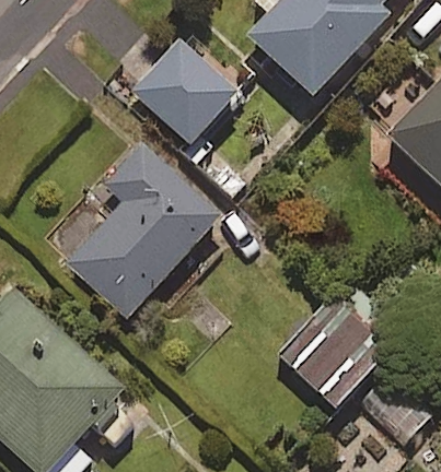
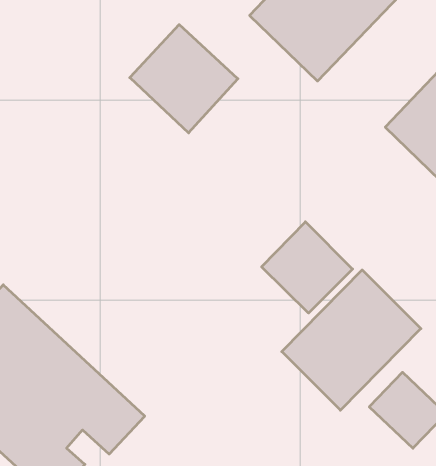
building: [65,141,221,319] -> none
building: none -> [262,222,353,313]

